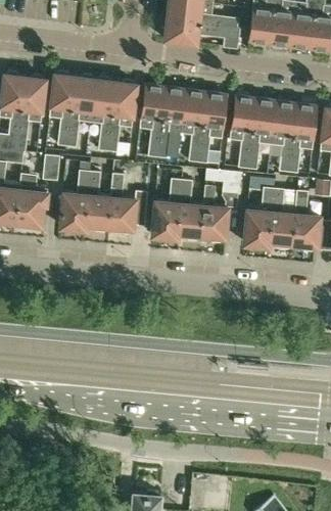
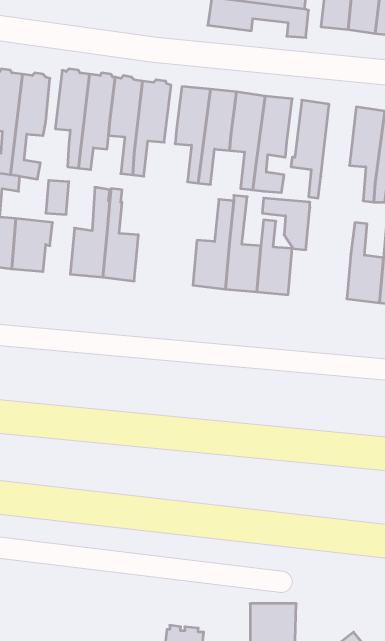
building: [246,98,275,170] -> none
building: [108,159,147,233] -> none
building: [244,186,274,246] -> none

